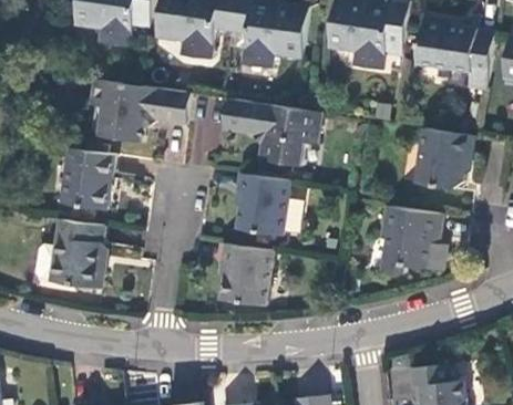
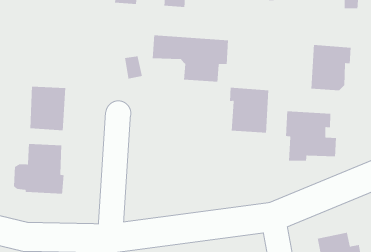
building: [92,79,192,142] -> none
building: [237,174,289,236] -> [229,87,269,134]
building: [222,243,274,307] -> none

